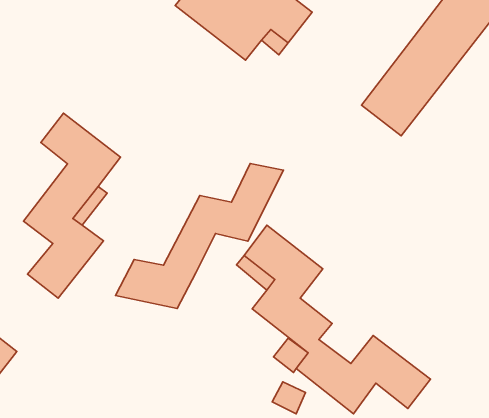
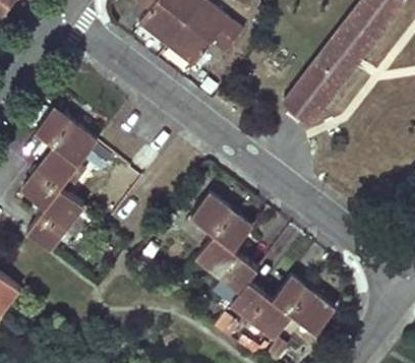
building: [116,164,284,309] -> none

